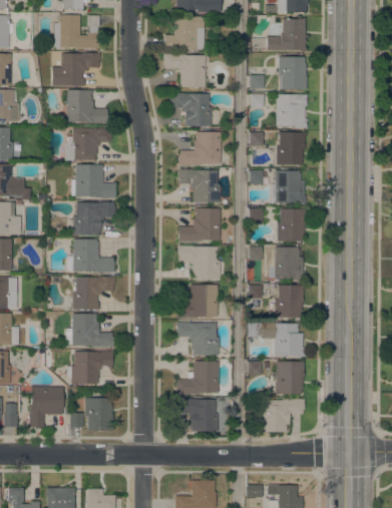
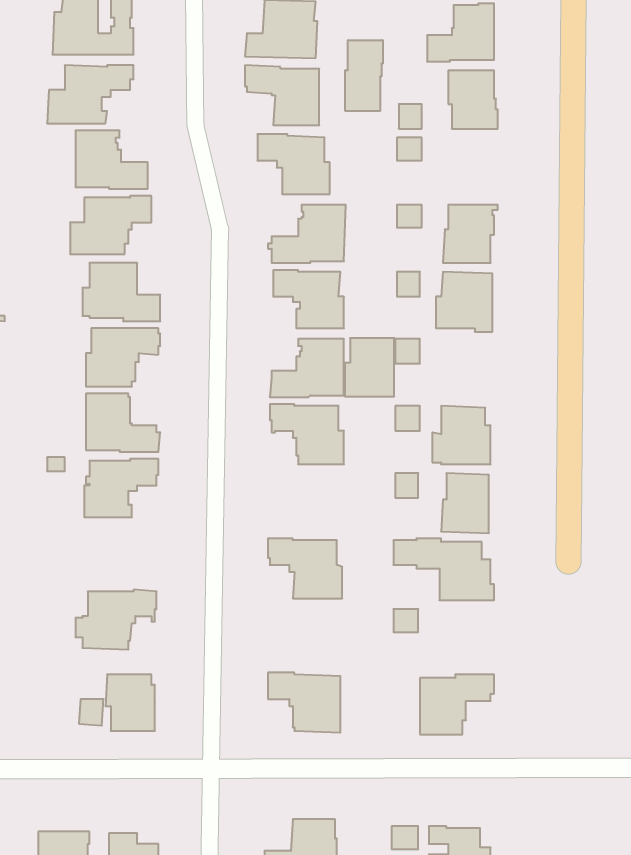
building: none -> [345,40,383,111]
building: [276,94,307,128] -> none
building: [277,208,305,241] -> [345,338,394,396]
building: [176,285,218,318] -> none
building: [66,314,113,348] -> none
building: [175,362,219,395] -> none
building: [276,362,305,395] -> none
building: [29,387,65,428] -> none

